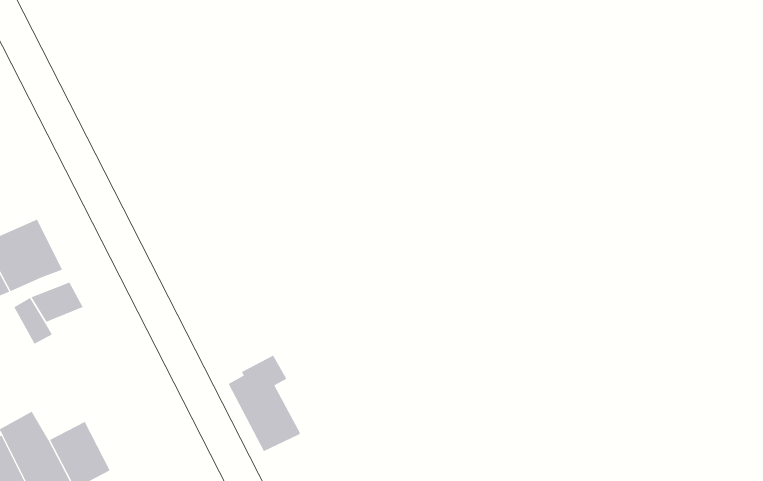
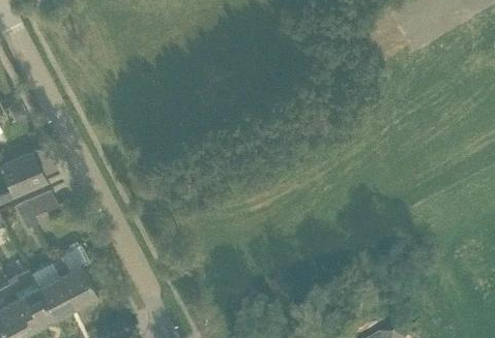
building: [228,355,301,452] -> [53,240,97,299]

